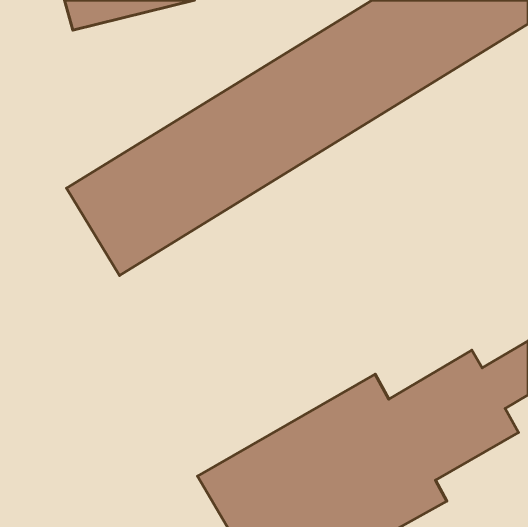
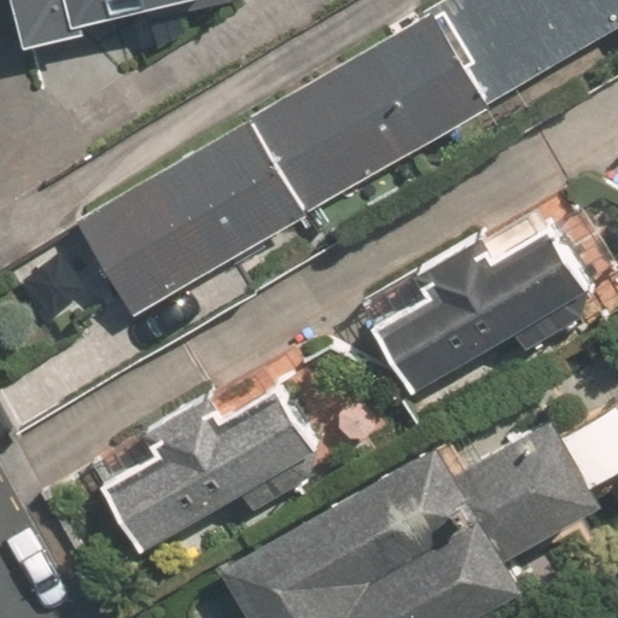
building: none -> [374,220,590,389]
building: none -> [101,385,314,549]

